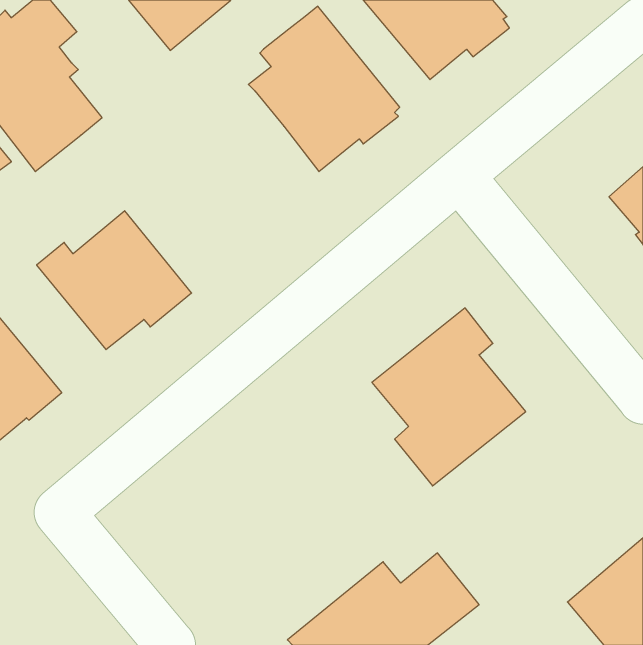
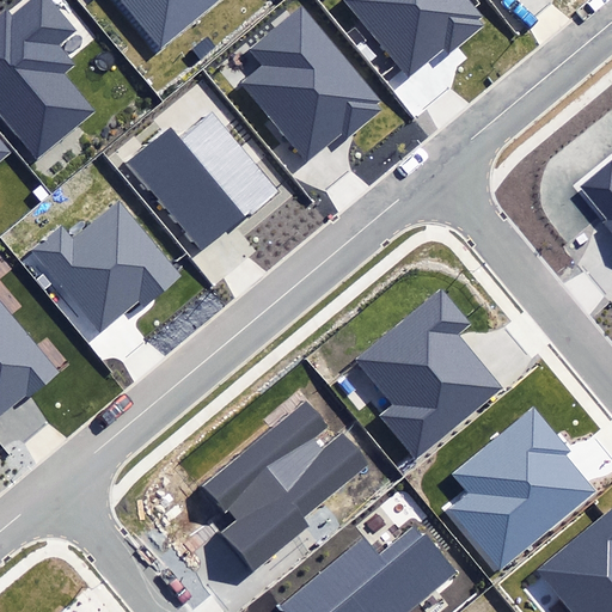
building: none -> [126,116,273,250]
building: none -> [212,408,369,575]
building: none -> [442,408,593,574]

